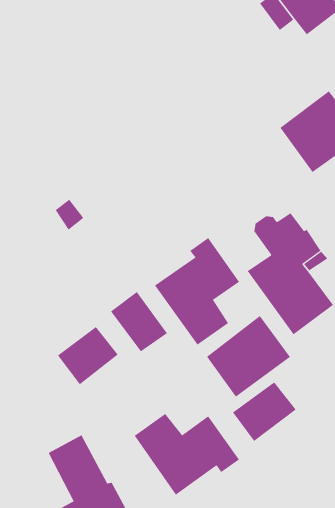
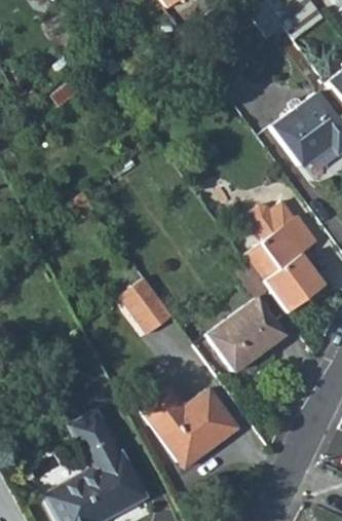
building: [154,237,240,345] -> none
building: [57,326,119,385] -> none
building: [232,381,296,442] -> none

